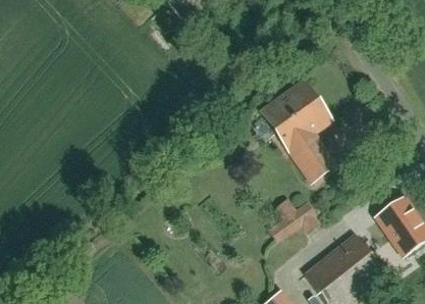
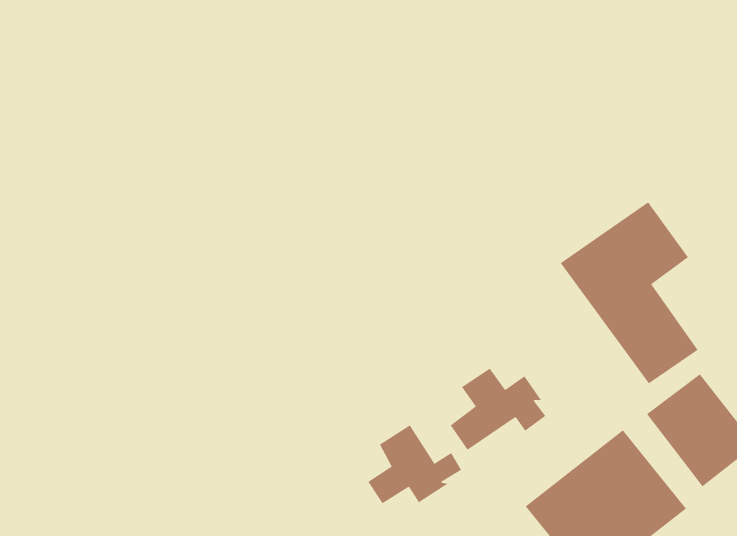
building: [264,89,337,186] -> [560,202,699,384]
building: none -> [367,424,462,504]

